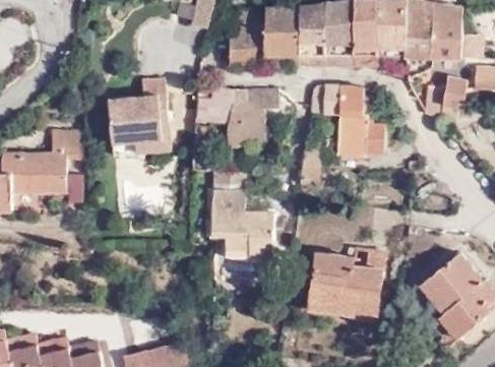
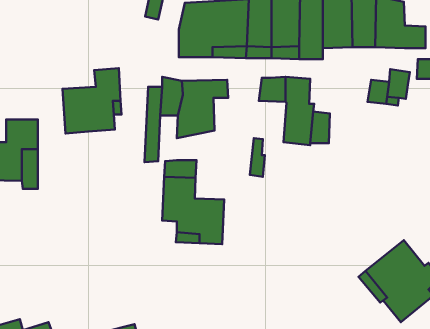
building: [307,252,381,317] -> none

